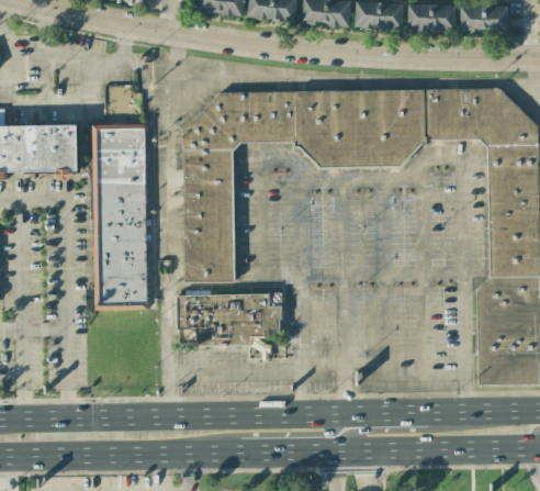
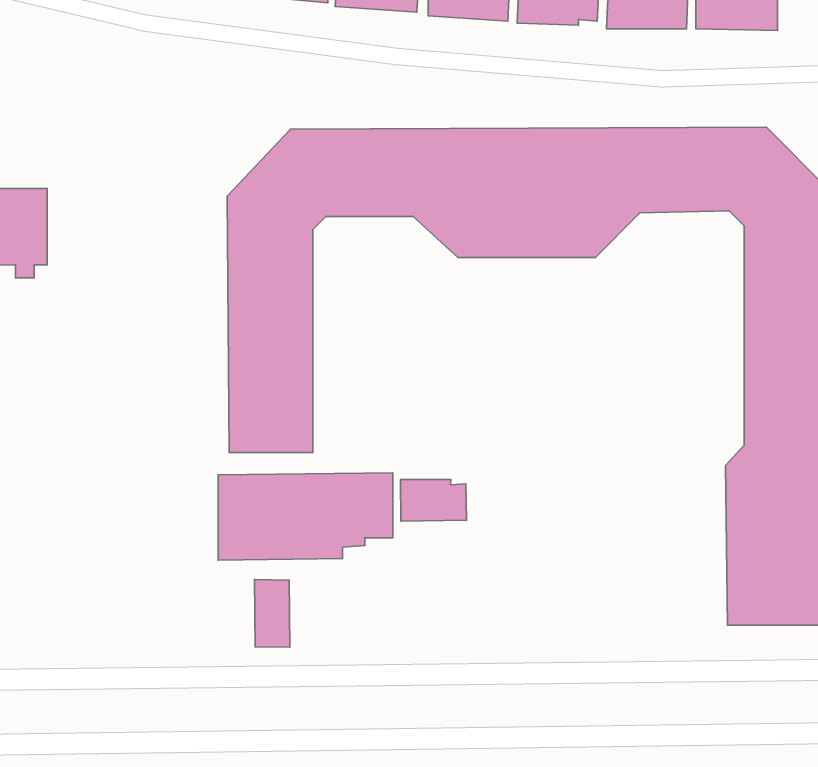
building: [92,123,147,310] -> none
building: none -> [400,480,466,521]
building: none -> [255,580,290,647]

